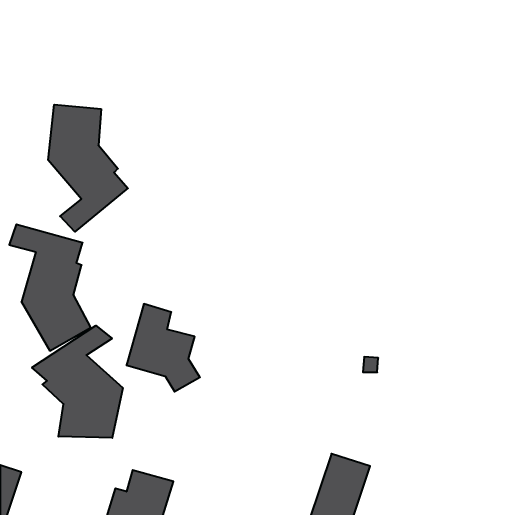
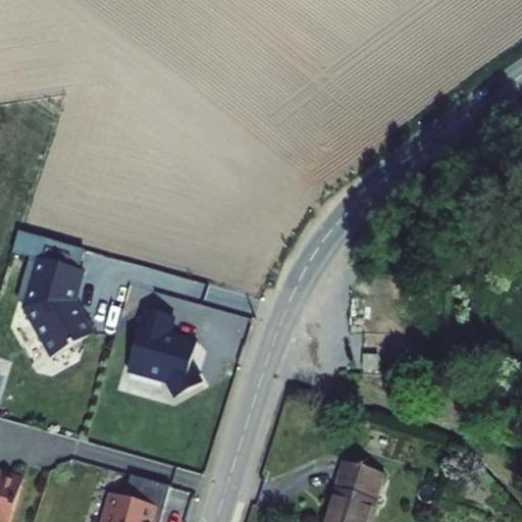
building: [48,105,128,232] -> none
building: [32,326,123,438] -> none

